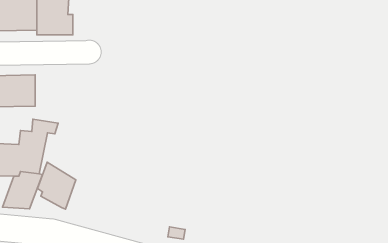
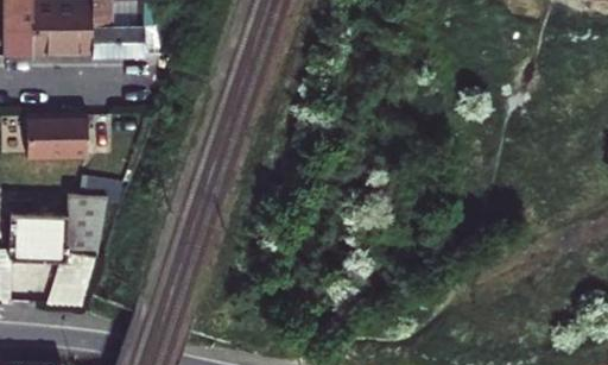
building: [37,162,76,209] -> none

